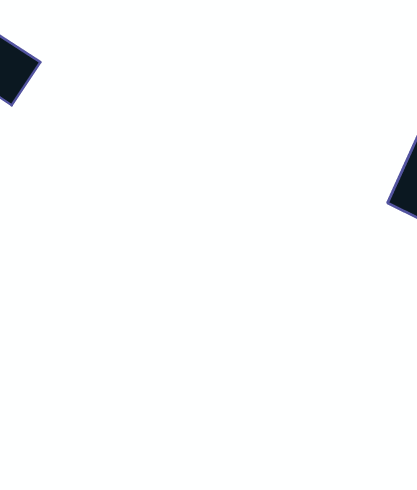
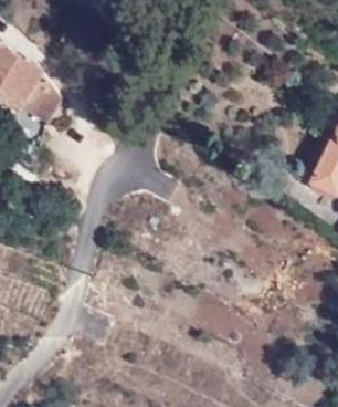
building: none -> [20,75,60,124]

